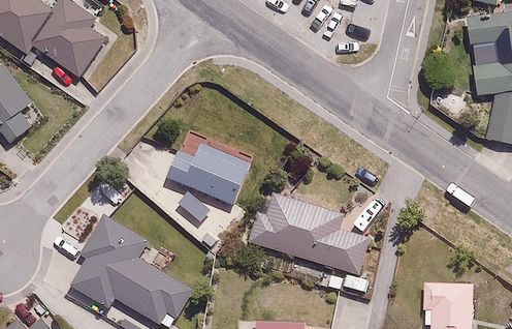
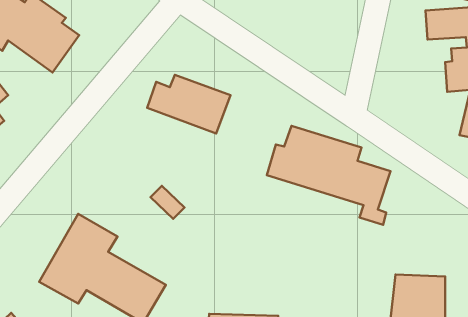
building: [167,147,251,206] -> [147,75,230,133]
building: [249,191,373,291] -> [267,126,390,225]

